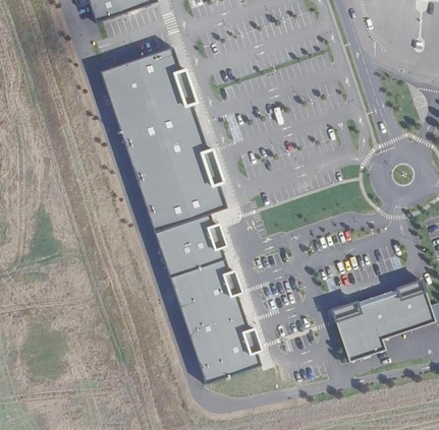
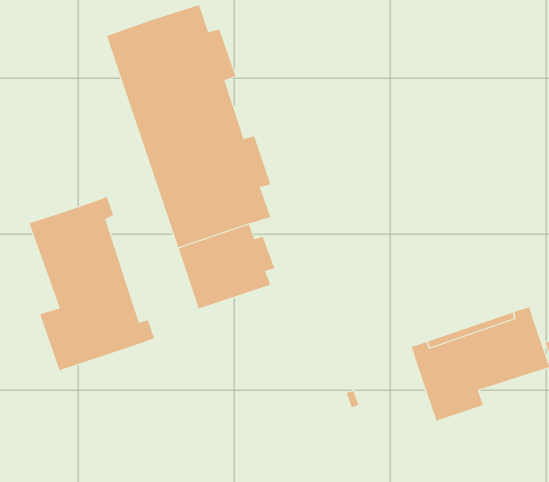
building: none -> [29,196,155,372]
building: [169,257,262,381] -> none

